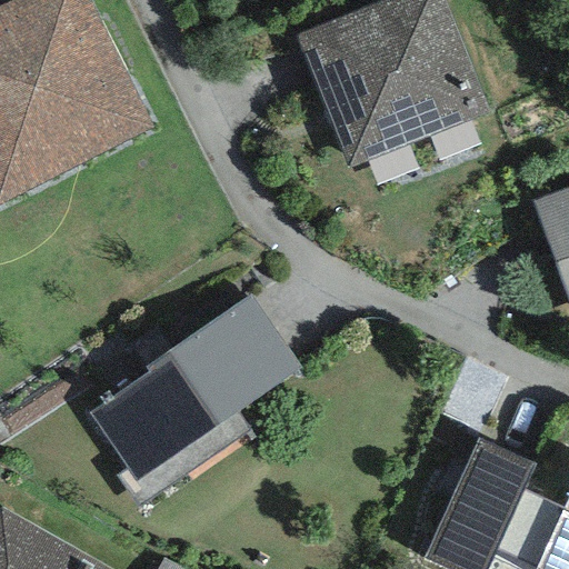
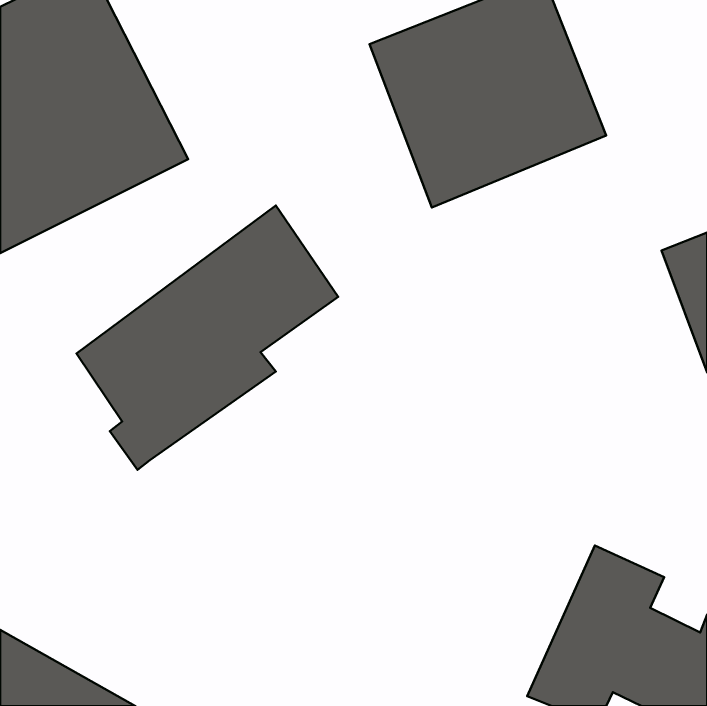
building: [89,295,299,507] -> [77,206,338,470]

